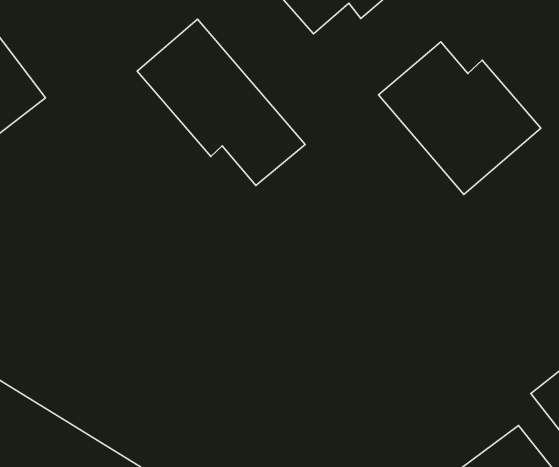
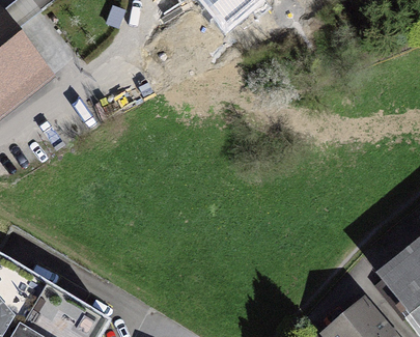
building: [137,19,305,186] -> none
building: [378,42,541,194] -> none

